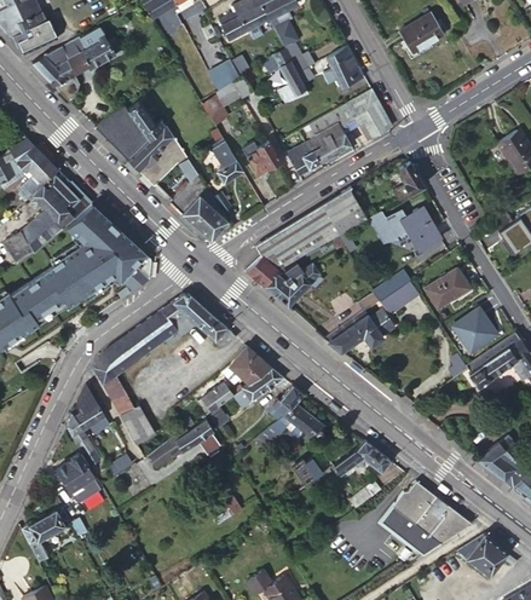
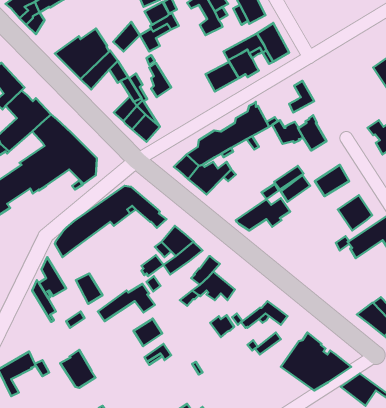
building: [246,142,279,172] -> none
building: [140,148,174,185] -> [113,22,140,51]
building: [104,374,138,415] -> none
building: [56,454,100,502] -> [60,350,95,388]
building: none -> [133,318,162,346]

